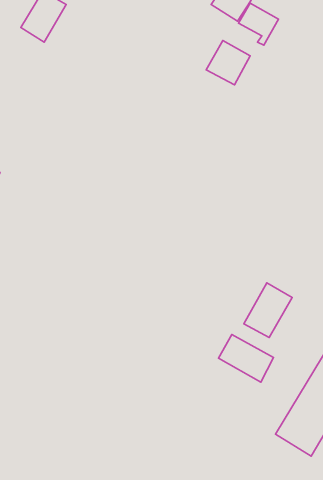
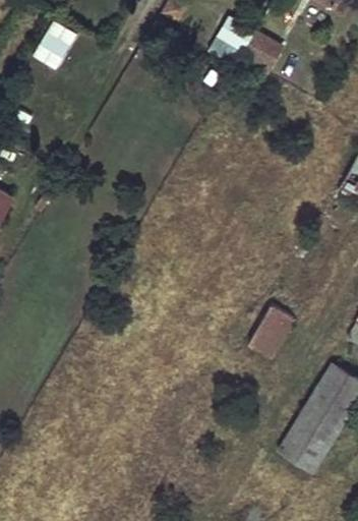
building: [206,41,250,85] -> none
building: [218,334,274,382] -> none

